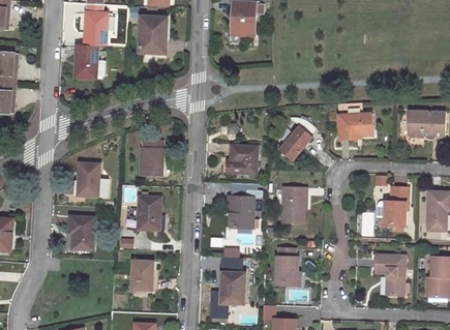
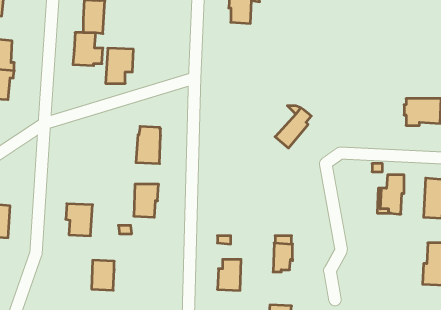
building: [139,17,167,52] -> [106,48,133,83]
building: [336,101,372,141] -> none
building: [226,145,256,173] -> none
building: [76,162,108,197] -> none
building: [280,186,306,223] -> none
building: [227,196,251,227] -> none
building: [373,254,404,295] -> none
building: [129,260,152,290] -> [92,260,114,290]

